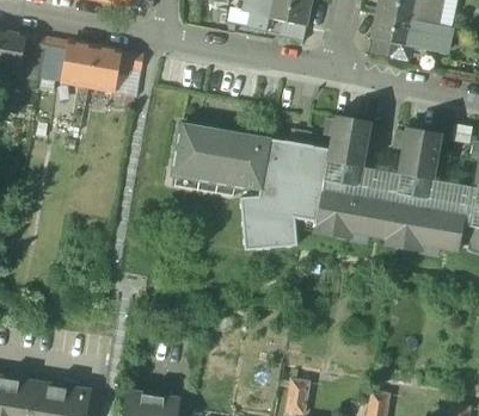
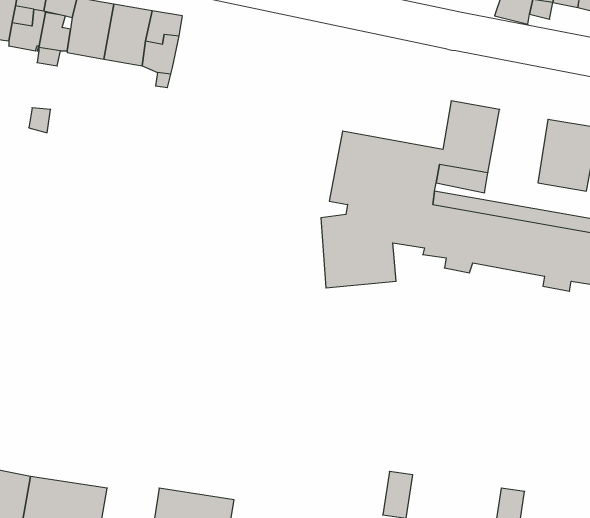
building: [174,123,258,186] -> none

